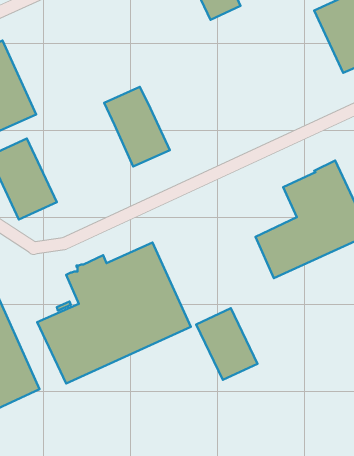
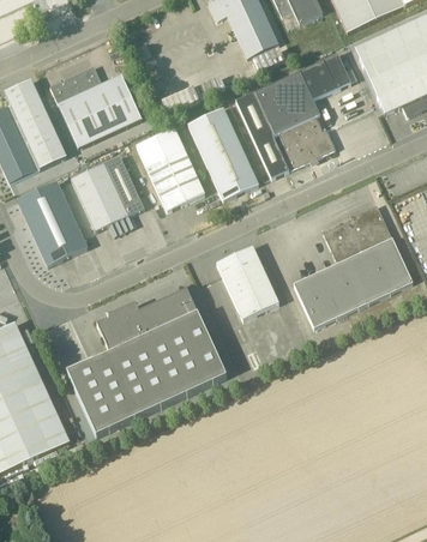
building: none -> [234,53,356,177]
building: none -> [48,65,140,147]
building: none -> [187,107,258,199]
building: none -> [70,155,143,235]
building: [196,308,257,380] -> [215,245,278,319]

